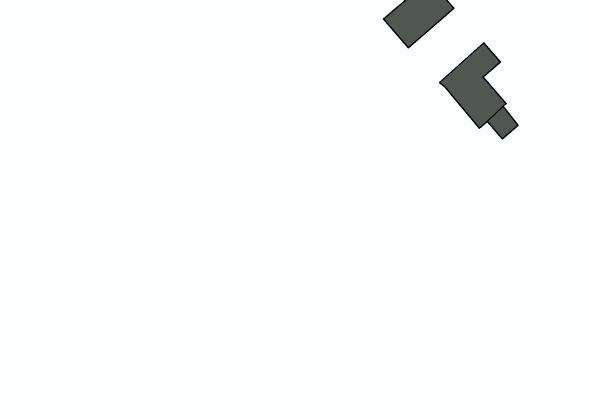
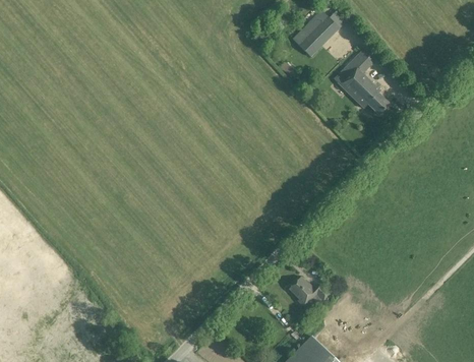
building: none -> [289,277,331,306]

